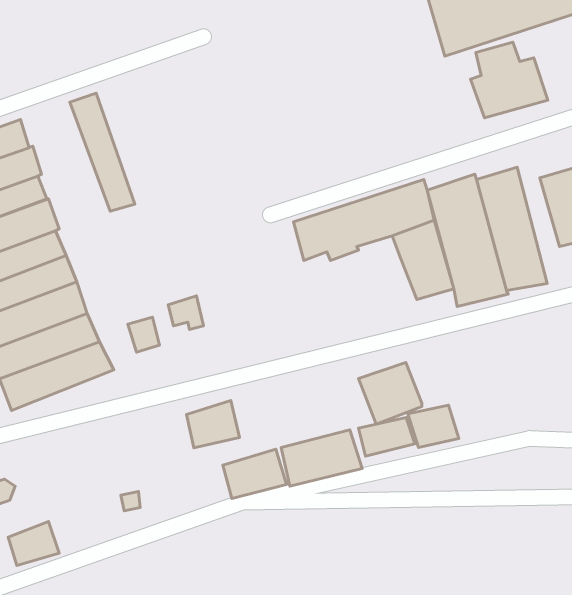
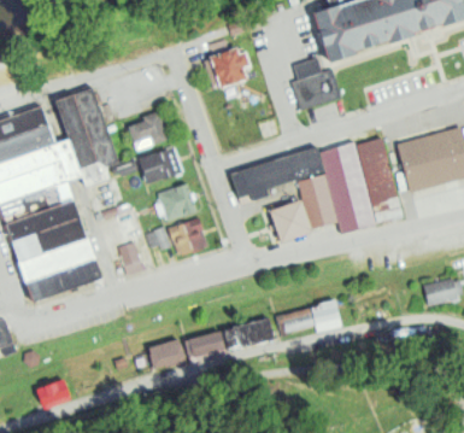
building: none -> [211,47,251,88]
building: [470,42,548,118] -> [287,58,340,110]
building: none -> [57,93,106,186]
building: none -> [128,112,166,145]
building: none -> [139,150,175,183]
building: none -> [155,183,194,221]
building: none -> [166,218,206,257]
building: [358,362,422,424] -> [269,200,312,242]
building: [187,400,239,448] -> [146,339,182,371]

